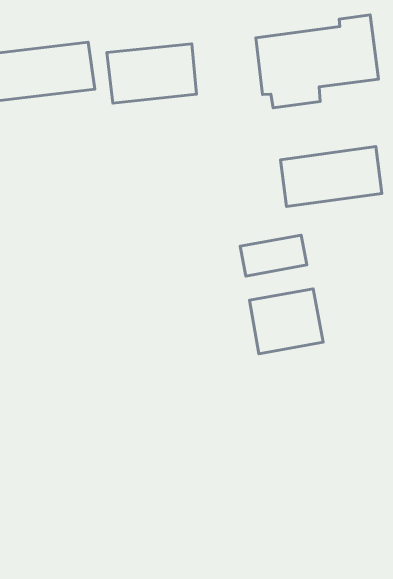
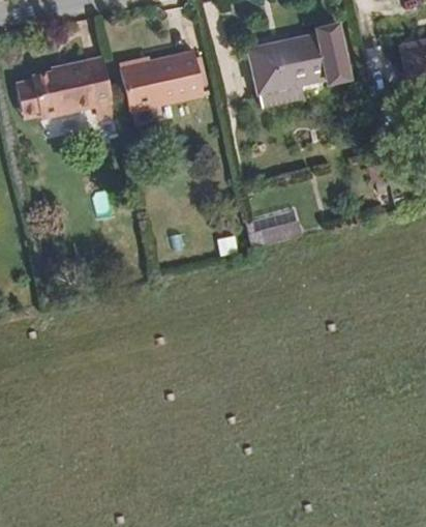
building: [281,147,382,207] -> none
building: [250,289,323,354] -> none

